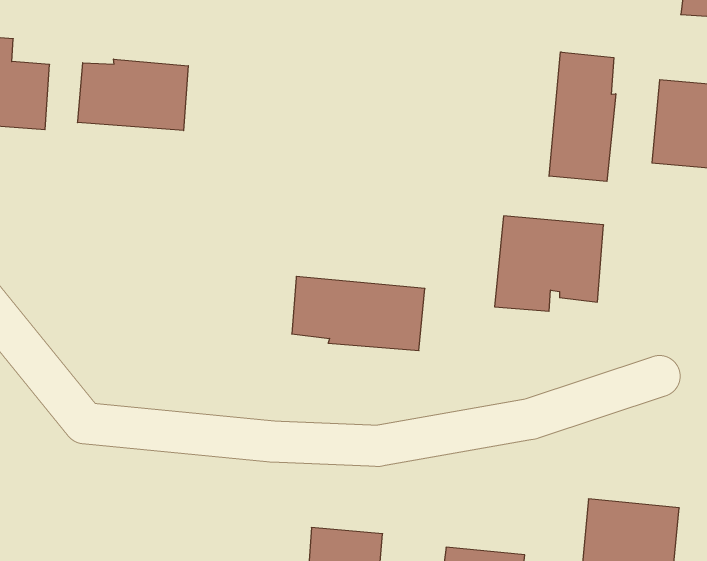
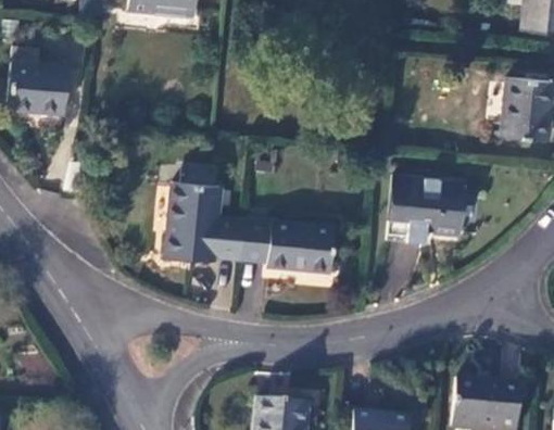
building: [549,52,616,181] -> none
building: [78,59,188,131] -> none
building: none -> [166,168,245,262]

